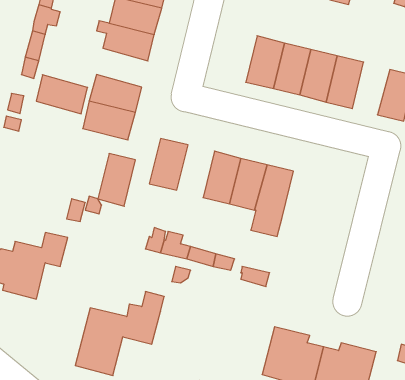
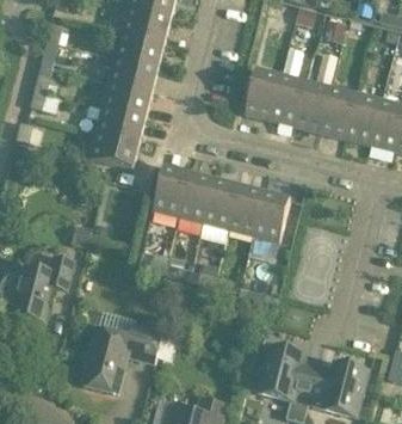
building: none -> [345,94,381,145]
building: [36,75,88,114] -> [101,81,150,118]
building: [98,154,135,206] -> [178,173,214,223]

